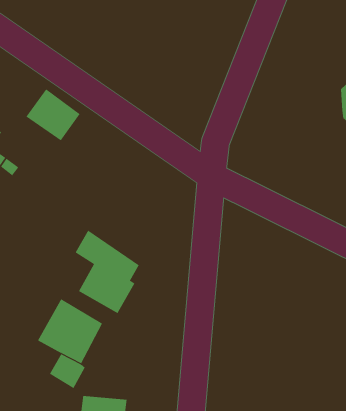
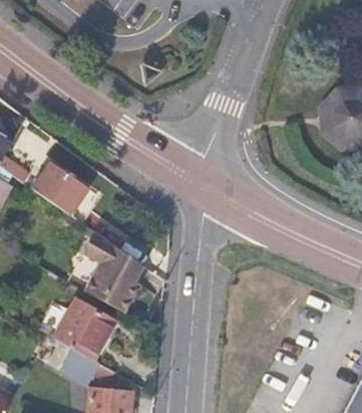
building: [26,88,80,141] -> [33,163,84,212]

